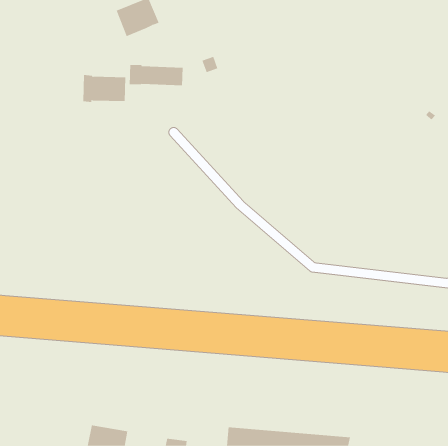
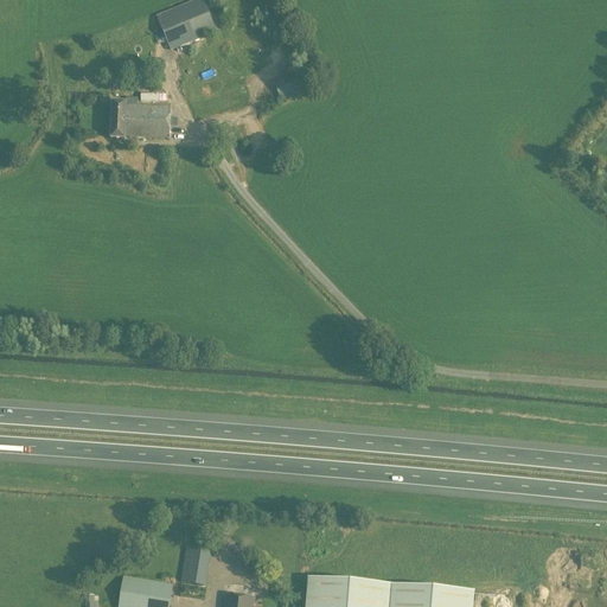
building: [129,64,183,86] -> none
building: none -> [179,544,211,598]

